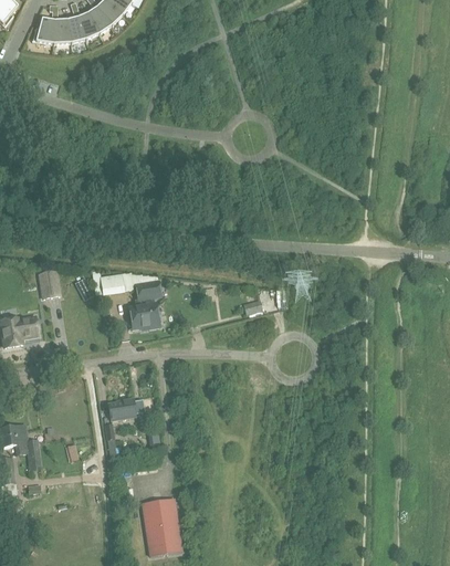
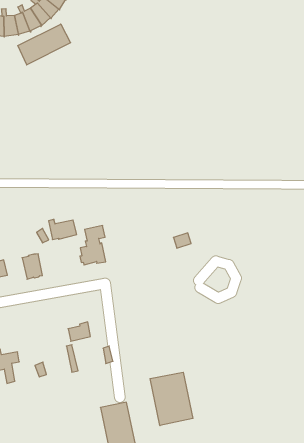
building: none -> [18,24,71,65]
building: [39,271,62,301] -> [22,254,42,279]
building: none -> [150,372,193,426]

